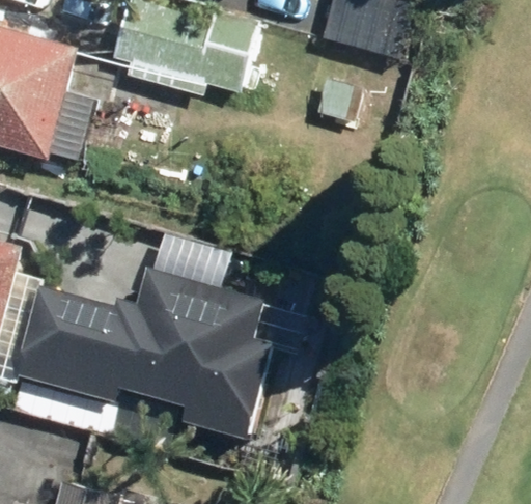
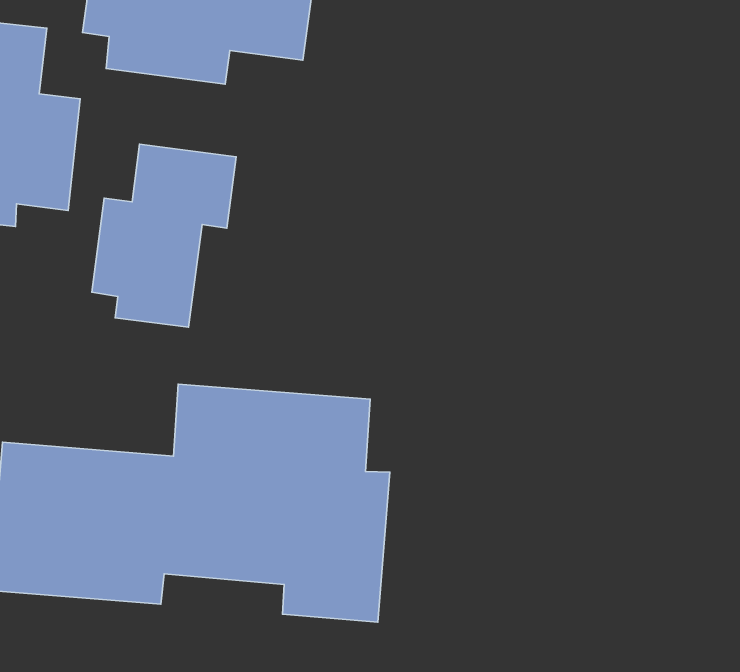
building: none -> [92,144,236,327]

